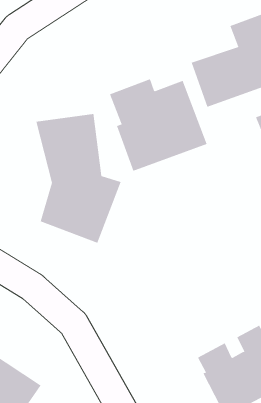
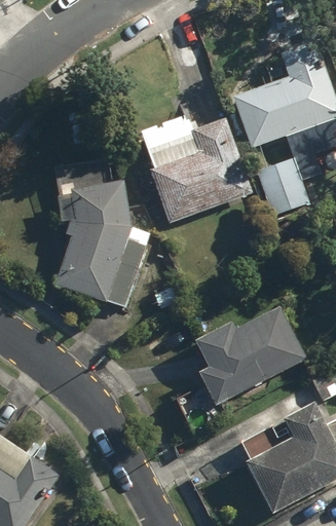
building: none -> [256,157,310,217]
building: none -> [196,307,306,404]

